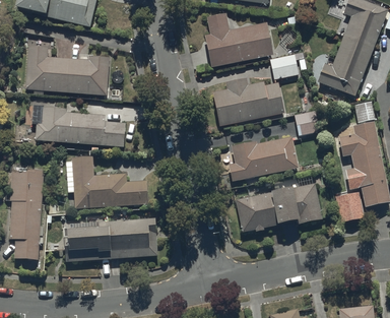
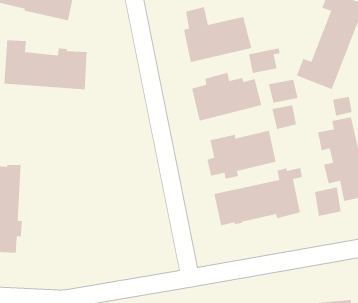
building: none -> [268,79,298,104]
building: [31,105,124,146] -> none
building: [65,155,147,207] -> none
building: [63,214,157,261] -> none

